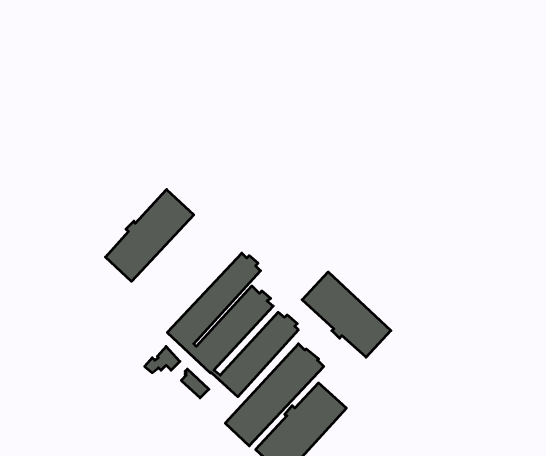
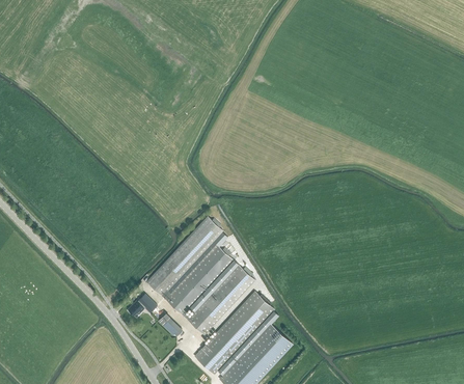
building: [105,189,194,281] -> none
building: [302,272,391,357] -> none

